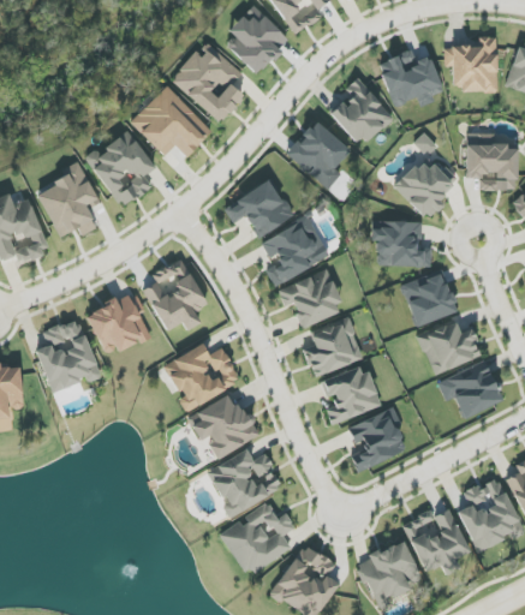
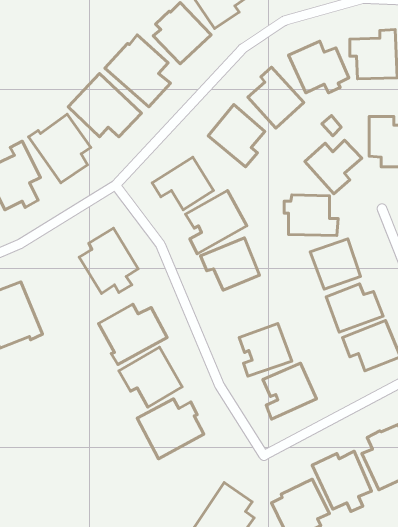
building: [85,289,150,356] -> none
building: [303,317,363,376] -> none
building: [220,501,296,575] -> none

